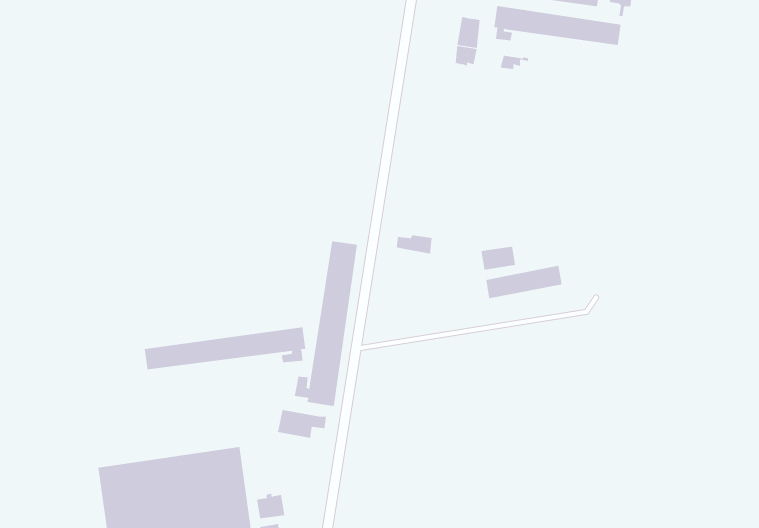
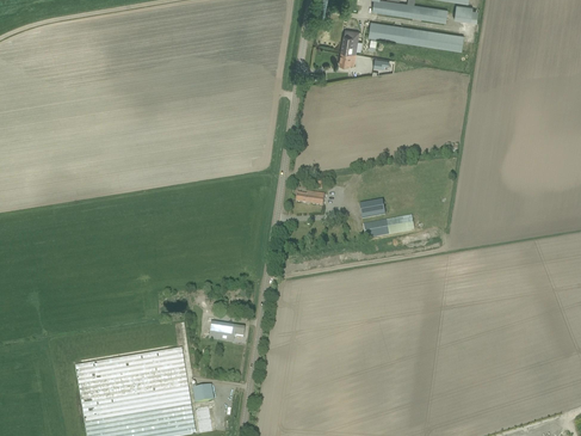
building: [294,241,357,407] -> none
building: [144,326,306,370] -> none

